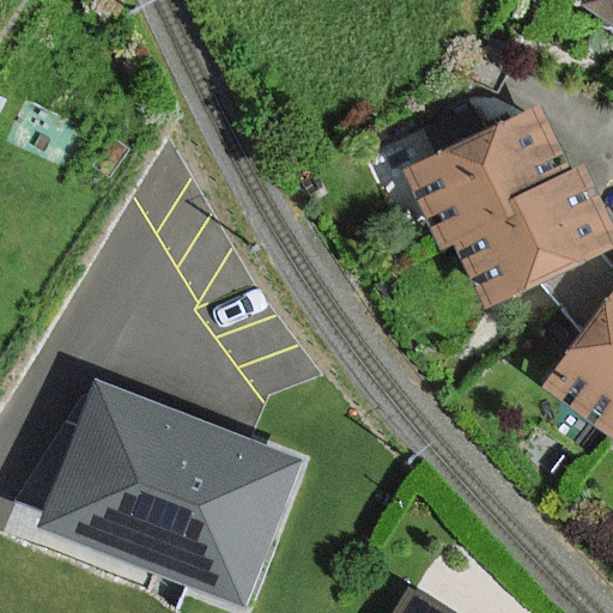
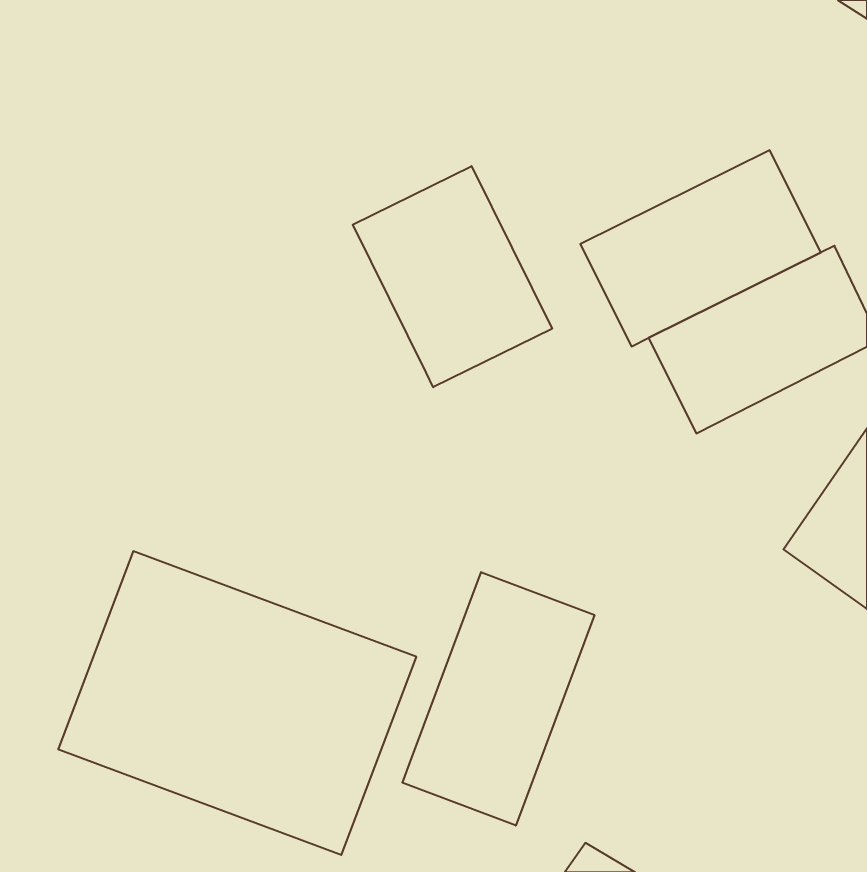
building: none -> [353,166,552,387]
building: none -> [402,572,594,826]

